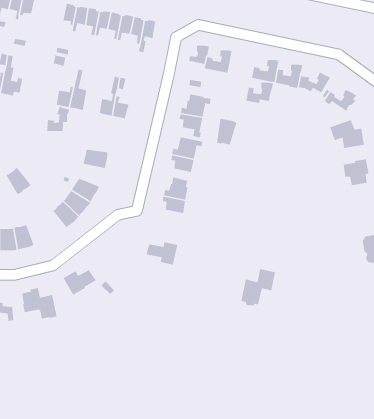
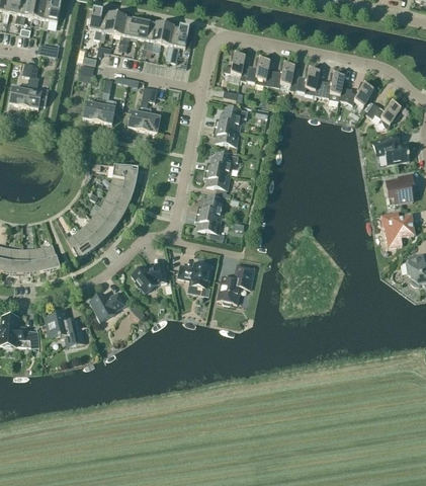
building: [245,81,274,104] -> [264,62,294,86]
building: [46,106,70,132] -> none
building: [216,118,238,146] -> none
building: none -> [106,179,135,202]
building: [6,167,31,195] -> [66,228,93,258]
building: none -> [379,210,414,245]
building: none -> [131,263,163,292]
building: [240,268,276,306] -> [217,263,254,304]

